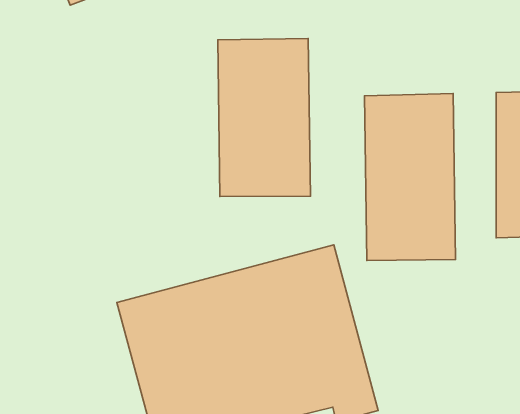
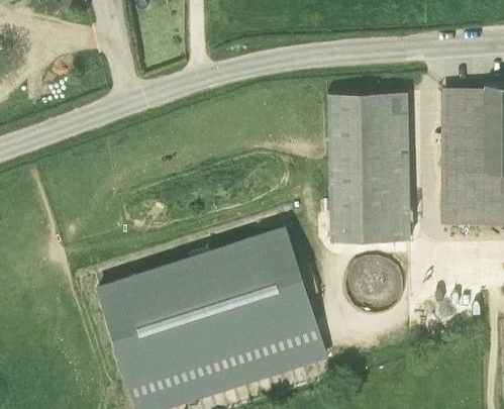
building: [218,39,310,197] -> none

